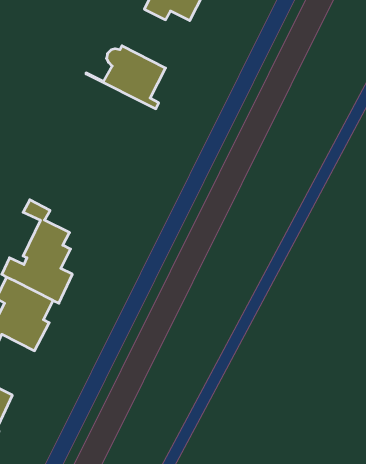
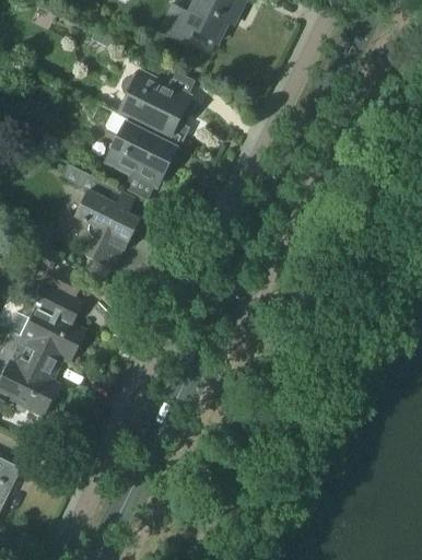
building: none -> [98,105,178,186]
building: none -> [60,166,139,271]

